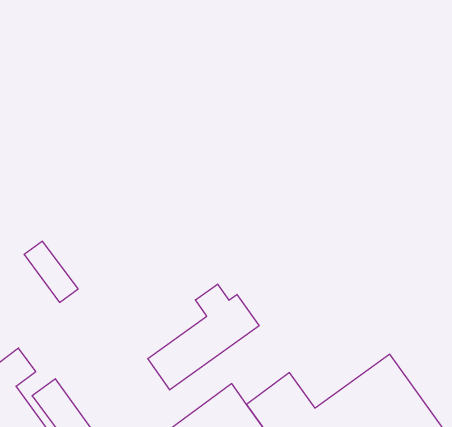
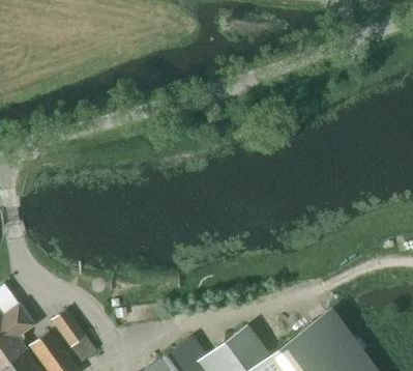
building: [24,241,78,302] -> [51,308,96,360]
building: [148,284,259,390] -> none

